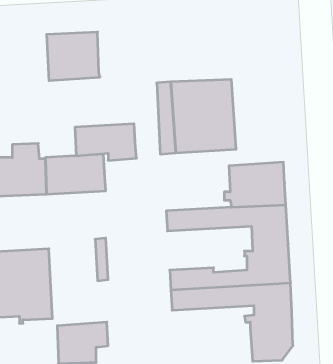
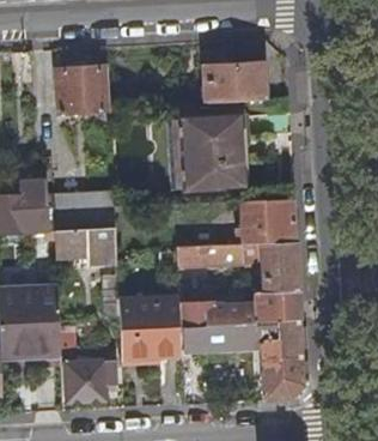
building: none -> [205,64,264,102]
building: [75,124,137,160] -> [55,228,117,265]
building: none -> [118,297,182,361]

